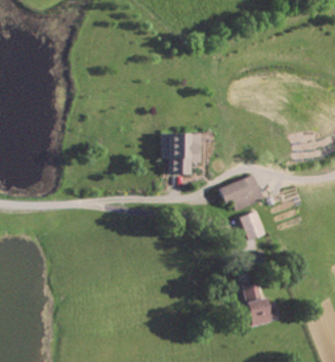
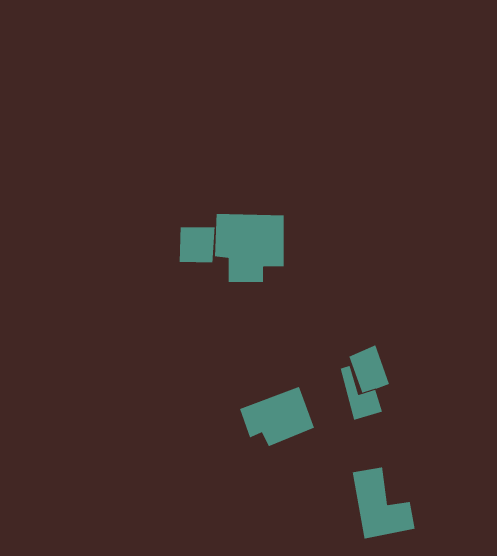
building: none -> [179,226,215,263]
building: [220,174,265,210] -> [239,386,315,447]

